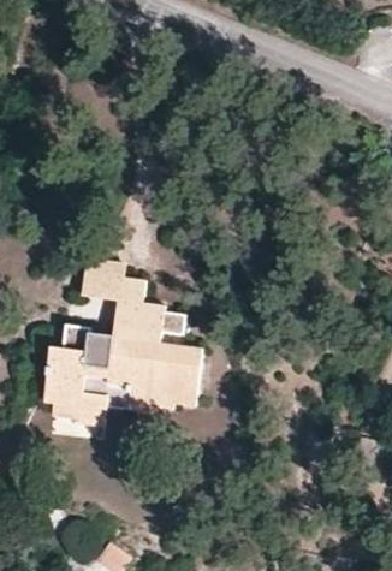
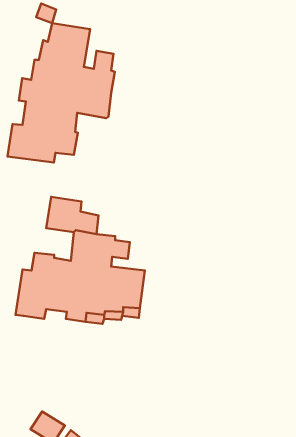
building: none -> [7,23,115,163]
building: [53,394,106,428] -> none

